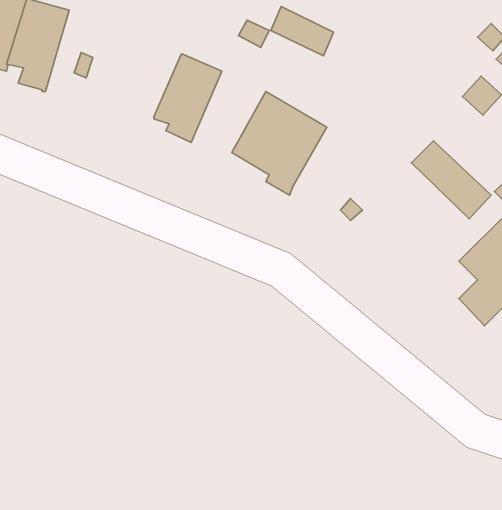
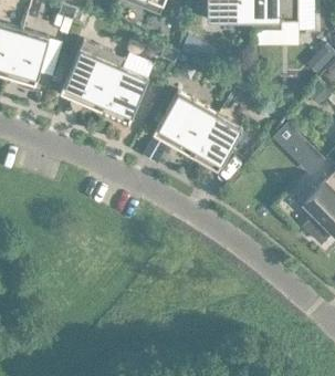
building: none -> [63,41,127,114]
building: none -> [196,115,247,173]

